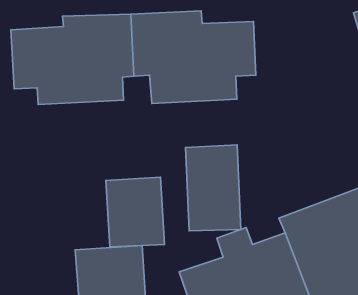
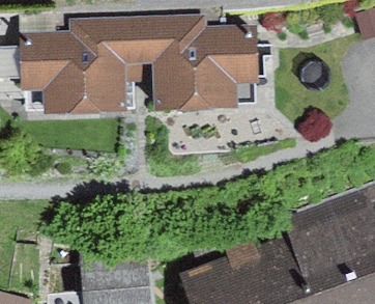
building: [185,145,241,231] -> none
building: [106,177,165,247] -> none

